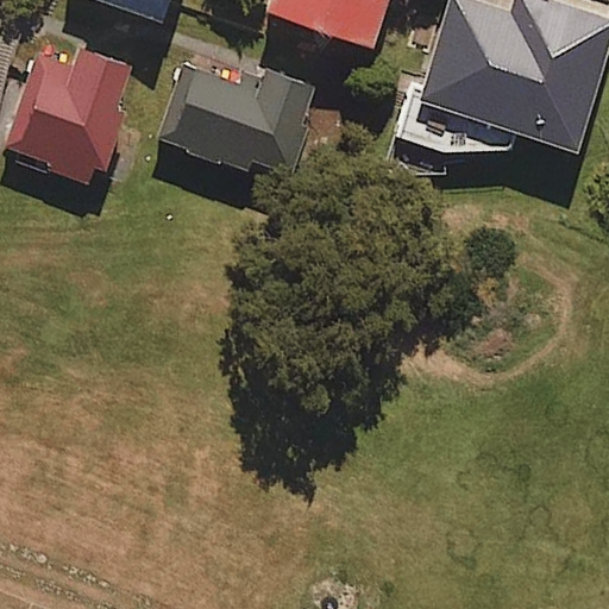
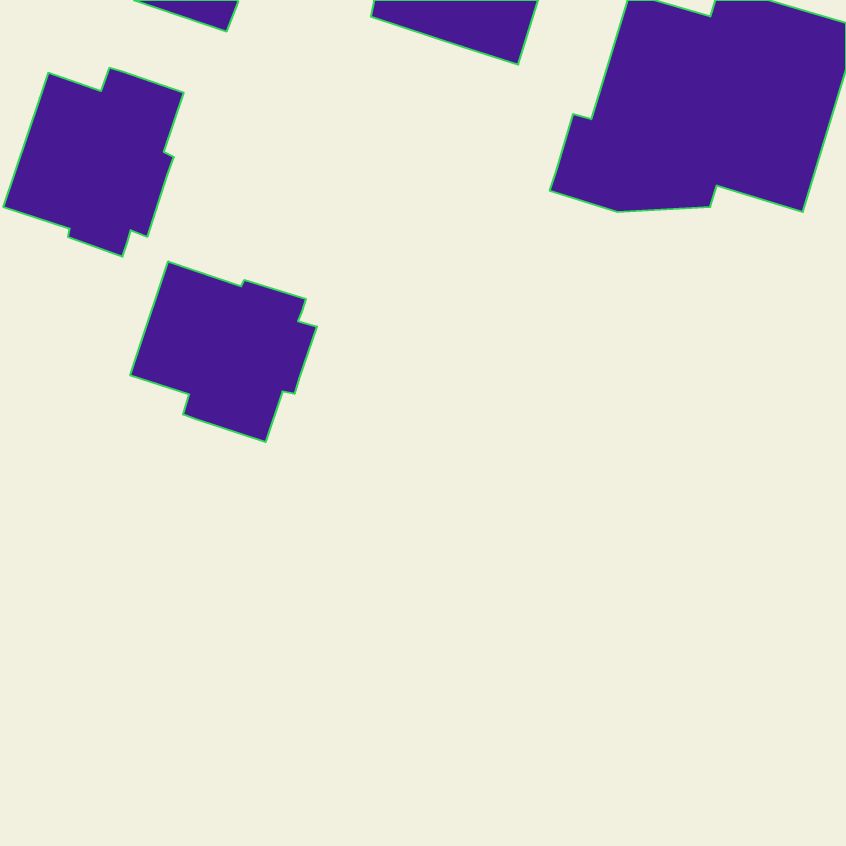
building: [155,64,315,176] -> none
building: none -> [130,261,317,442]

